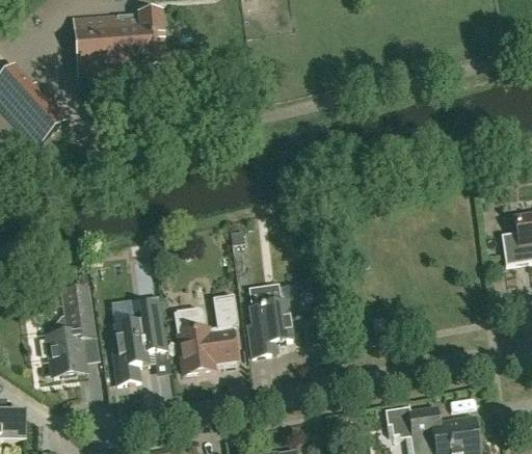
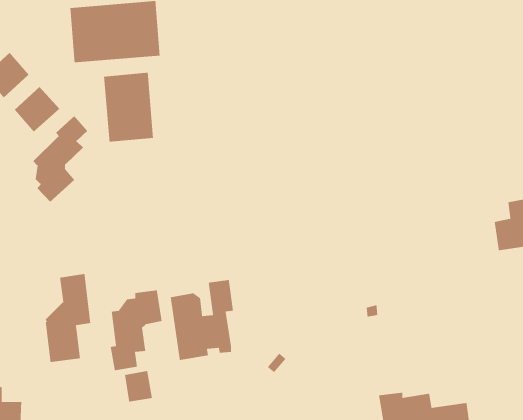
building: none -> [103,72,154,143]
building: none -> [32,115,88,202]
building: [246,282,298,354] -> none
building: none -> [124,370,153,402]

